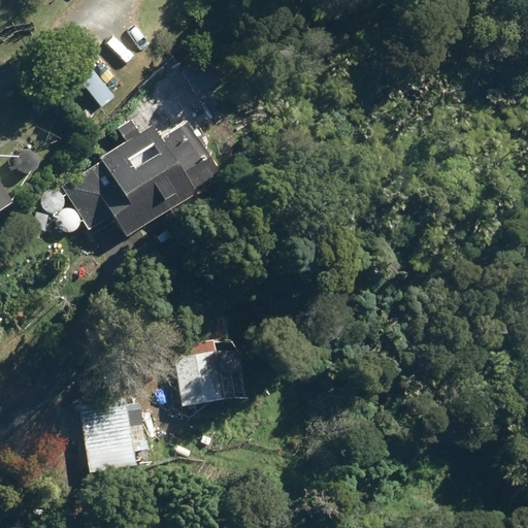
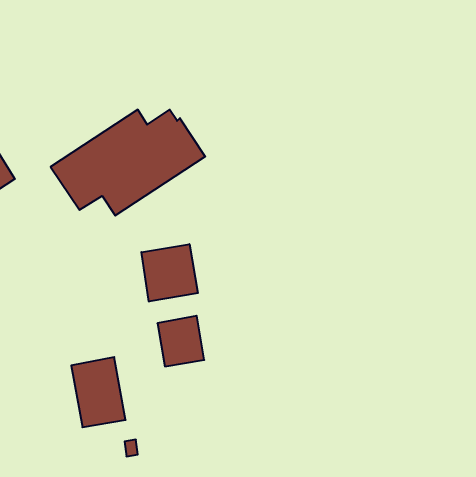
building: none -> [141,244,198,302]

